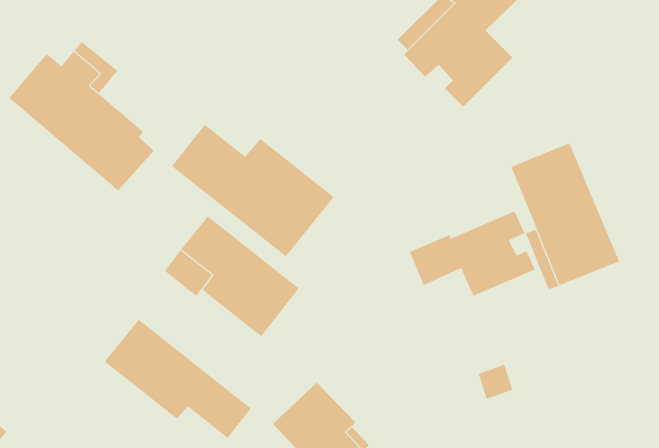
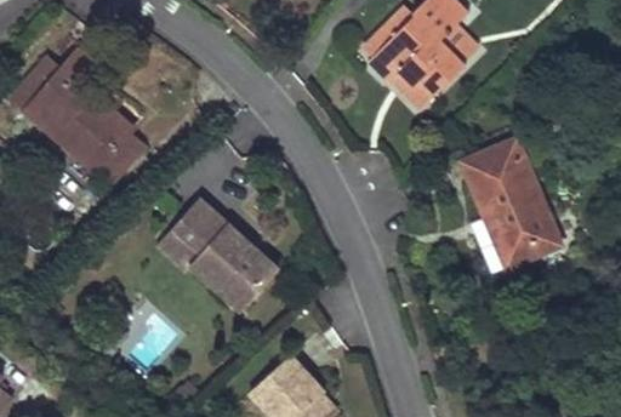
building: [171,124,335,257] -> none
building: [409,211,535,297] -> none
building: [104,319,251,439] -> none

